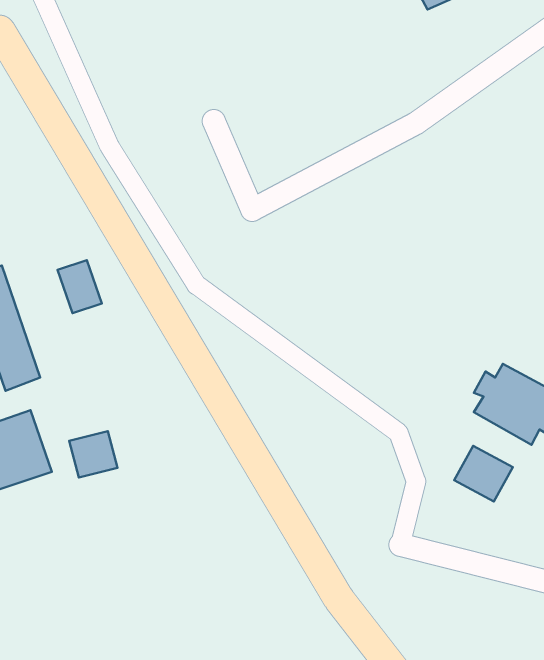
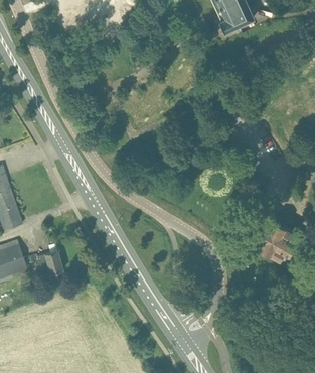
building: [57,260,102,313] -> none
building: [454,446,513,502] -> none

